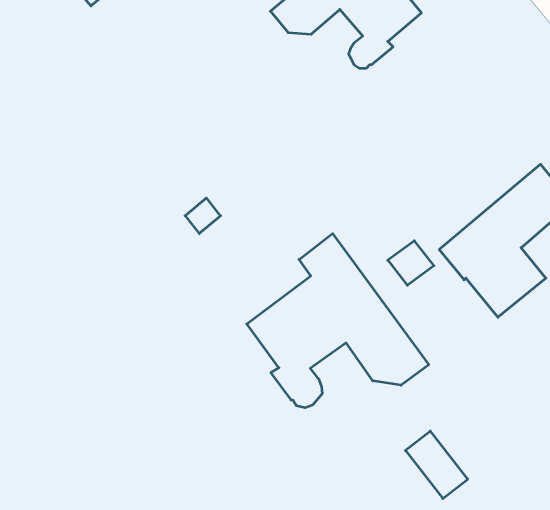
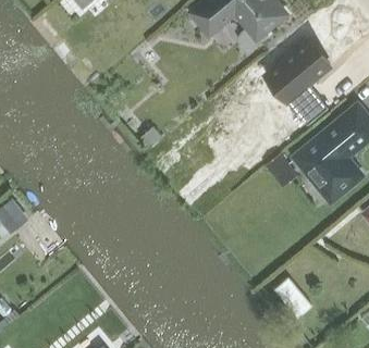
building: none -> [265,39,330,122]
building: [247,234,429,408] -> none

